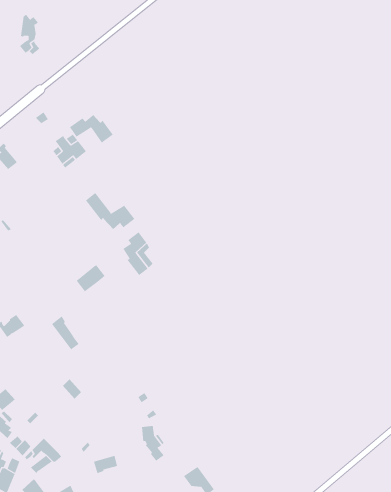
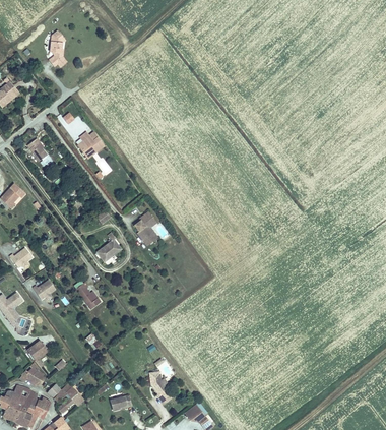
building: [69,114,113,143] -> none
building: [85,192,135,230] -> none

